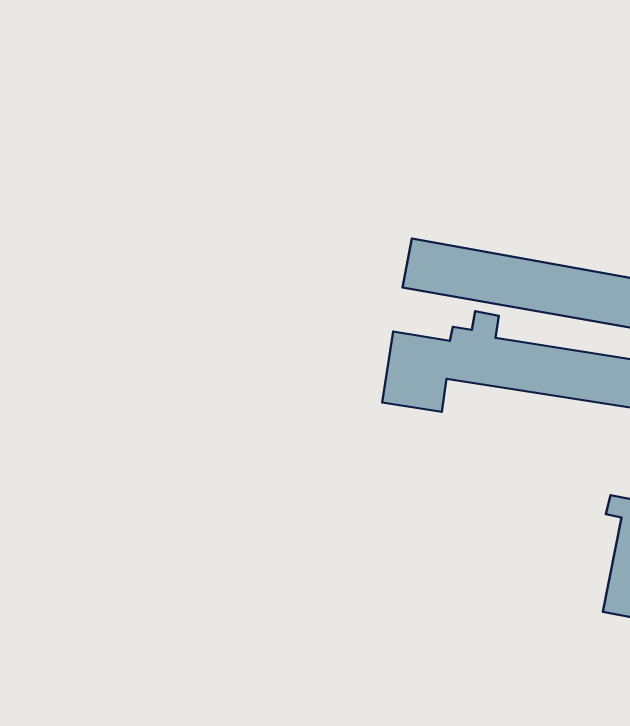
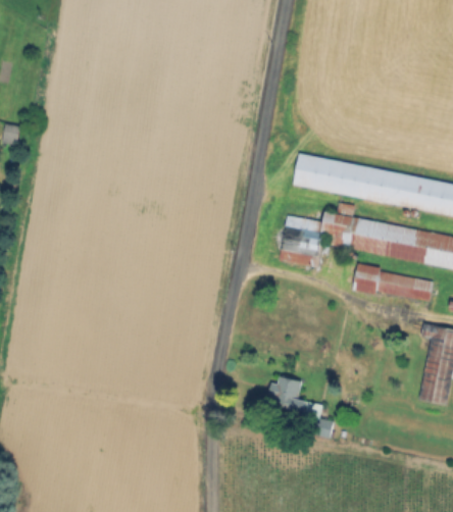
building: none -> [352,266,432,303]
building: none -> [270,374,335,434]

